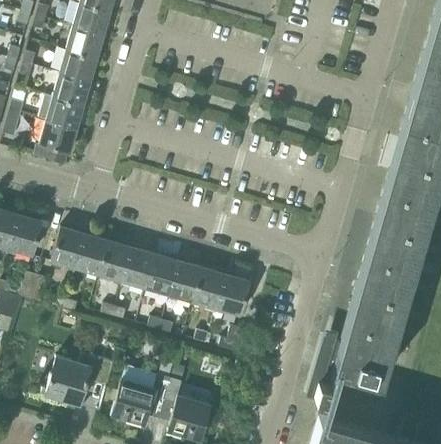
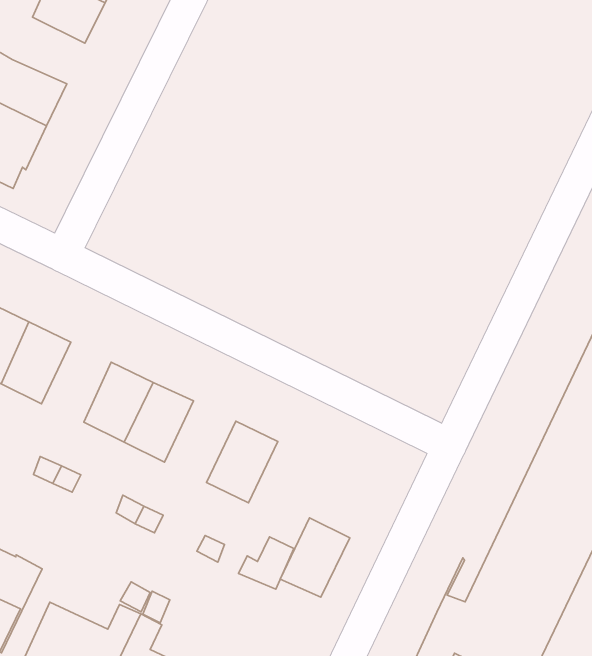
building: [53,73,90,105] -> none
building: [99,241,132,282] -> none
building: [169,261,203,303] -> none
building: [217,275,250,316] -> [280,518,350,597]

